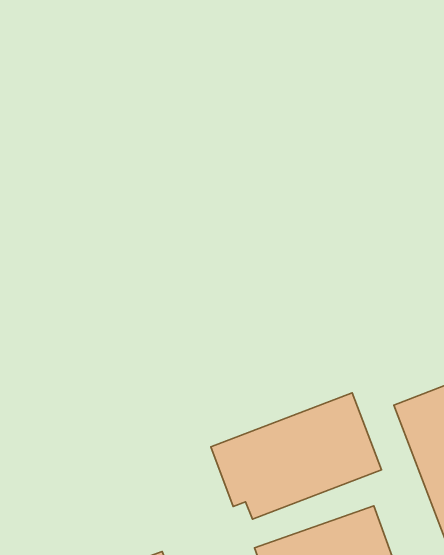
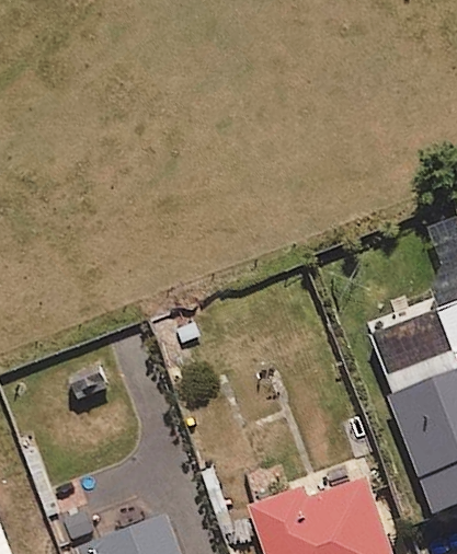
building: [211,393,381,519] -> none

